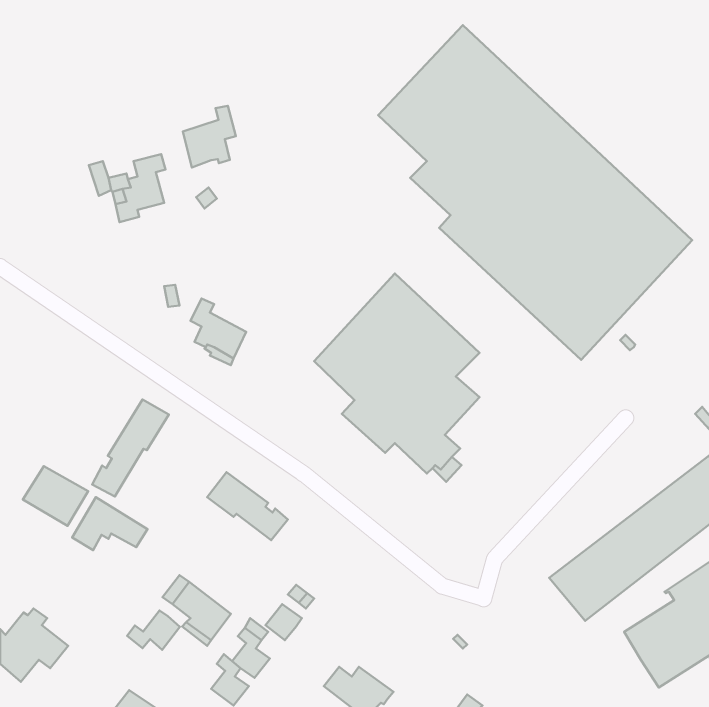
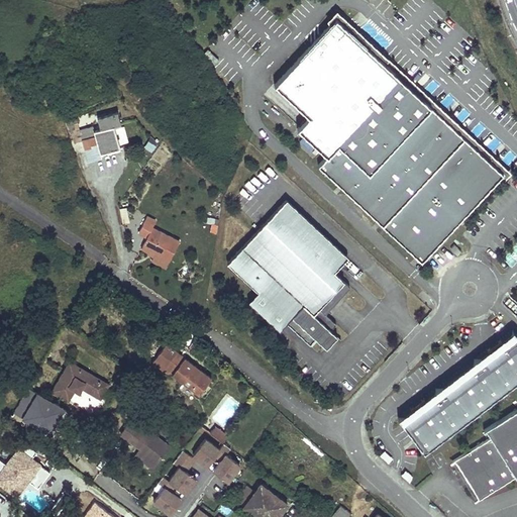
building: [183,106,236,167] -> none
building: [92,399,169,497] -> none
building: [23,466,88,526] -> [16,389,64,432]
building: [127,610,180,650] -> none
building: none -> [208,456,241,483]

